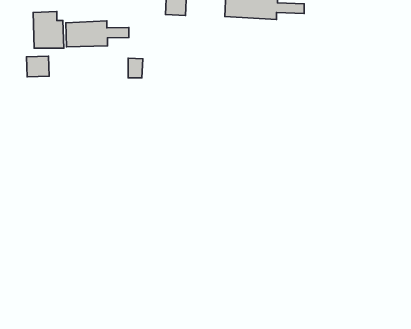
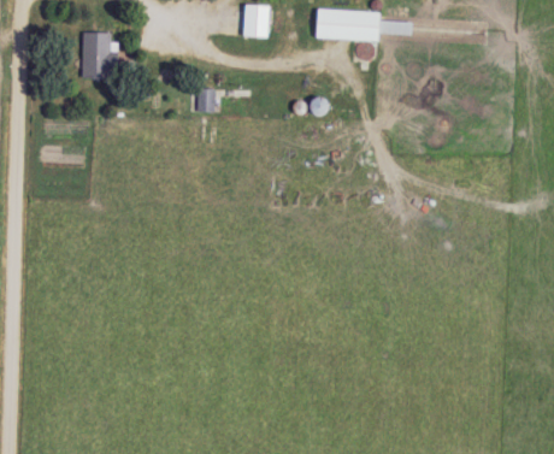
building: [66,21,129,47] -> none
building: [26,56,49,77] -> none

